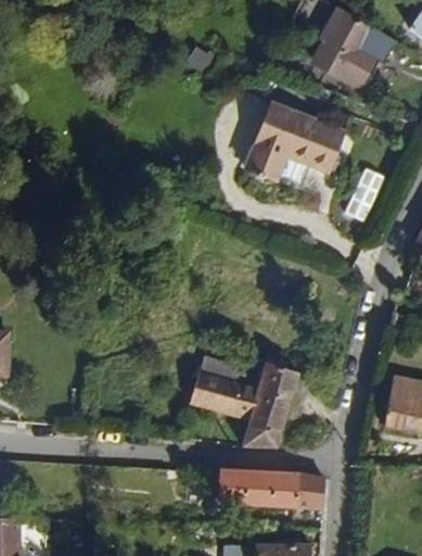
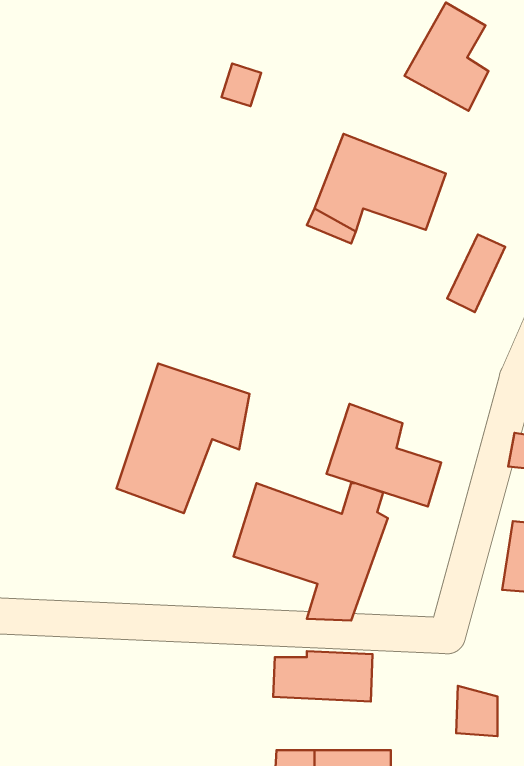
building: none -> [116,363,249,513]
building: none -> [326,404,441,507]
building: [291,472,320,508] -> [456,686,497,736]

